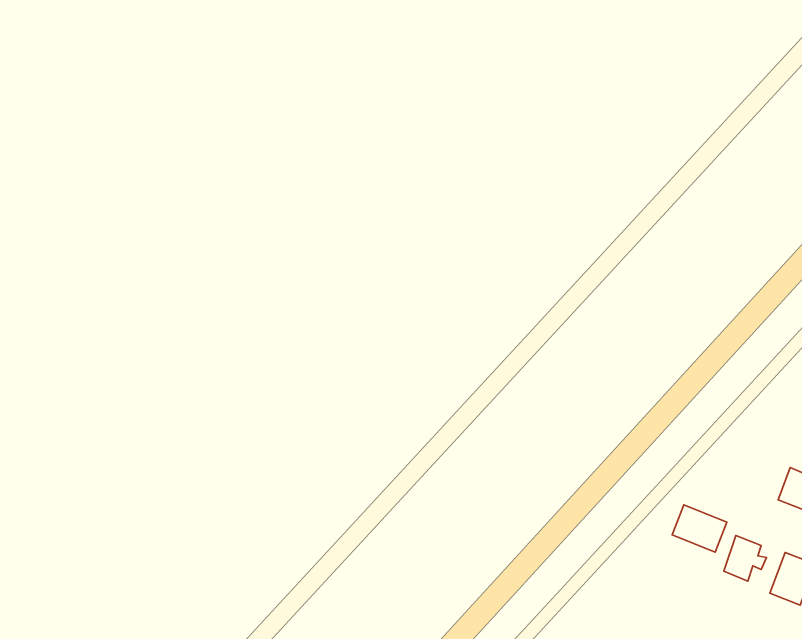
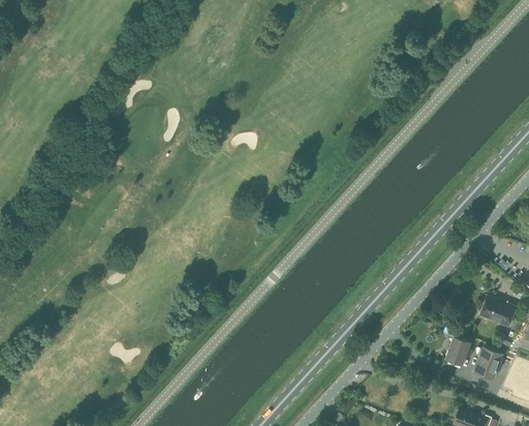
building: [672,505,727,552] -> none

